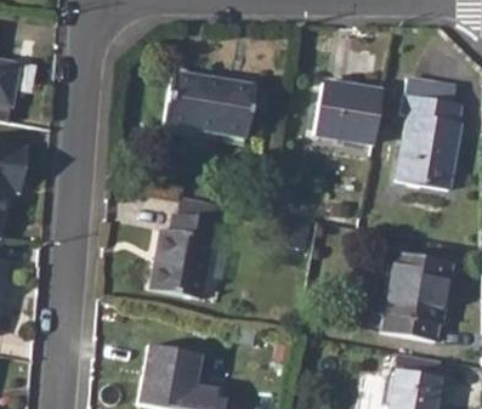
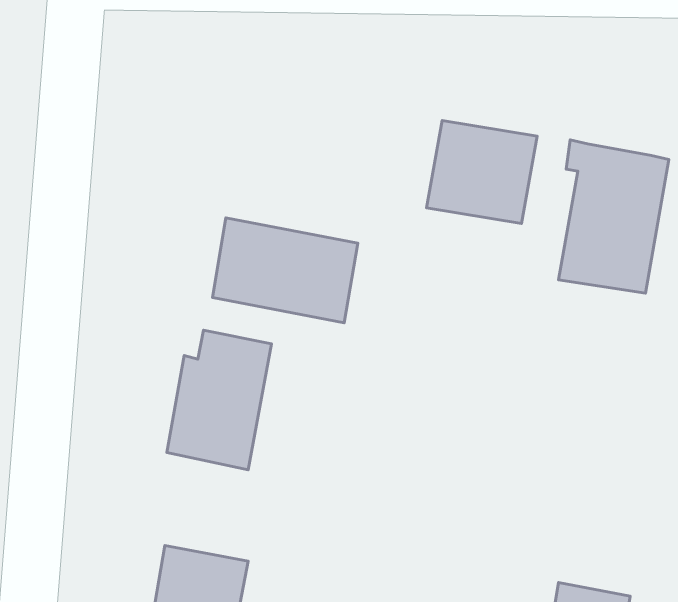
building: [163,70,254,136] -> [212,218,358,323]
building: [381,250,453,340] -> none

